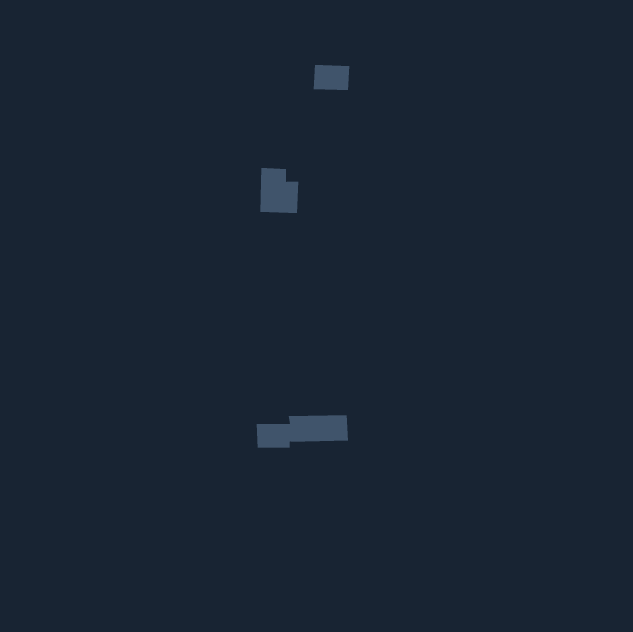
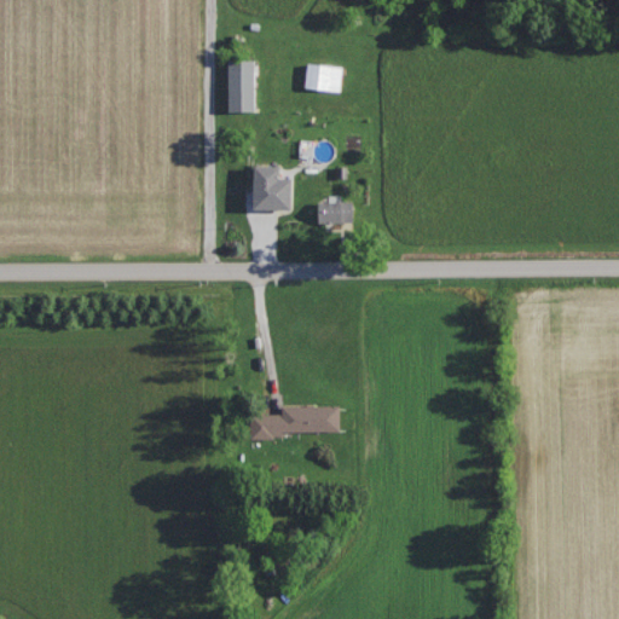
building: none -> [227,60,255,112]
building: none -> [317,202,353,225]

